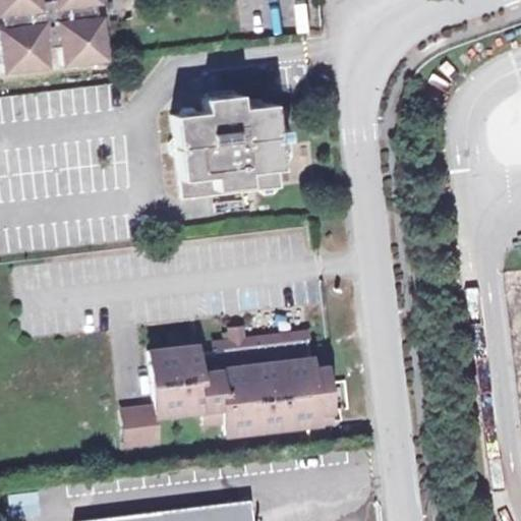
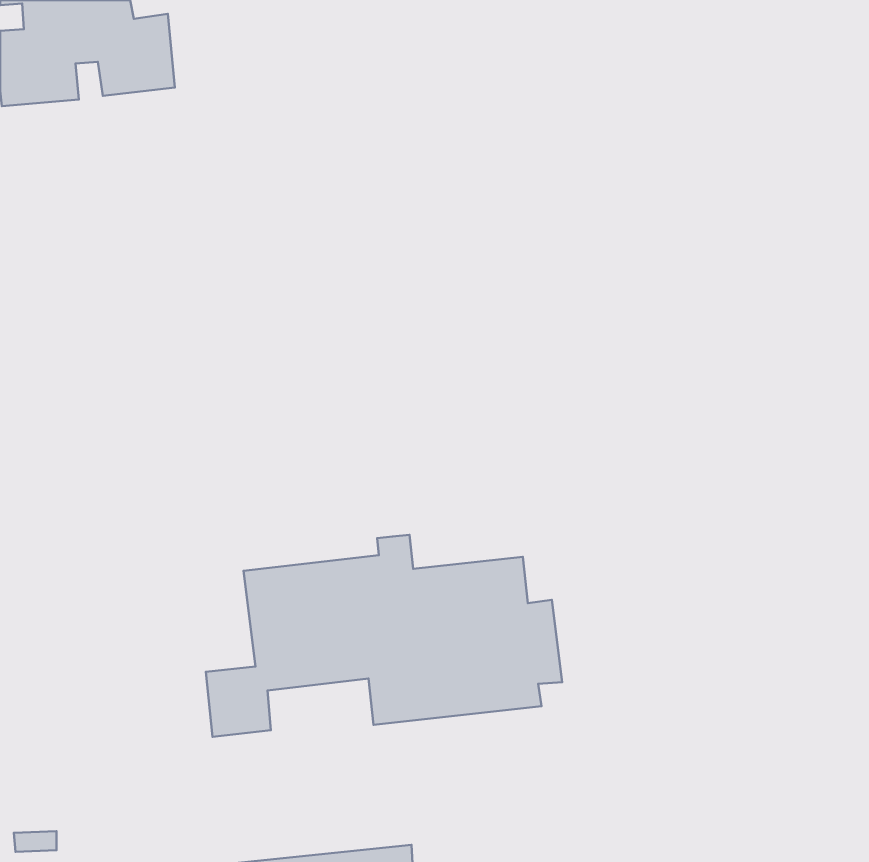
building: [177,95,292,214] -> none

